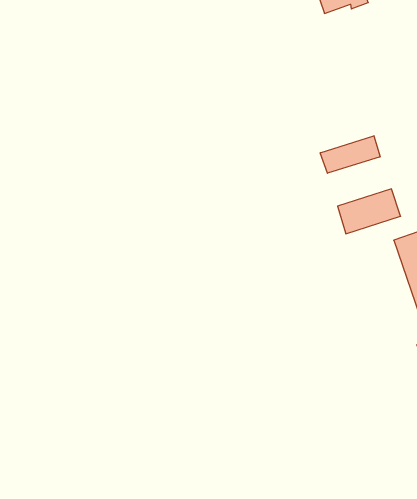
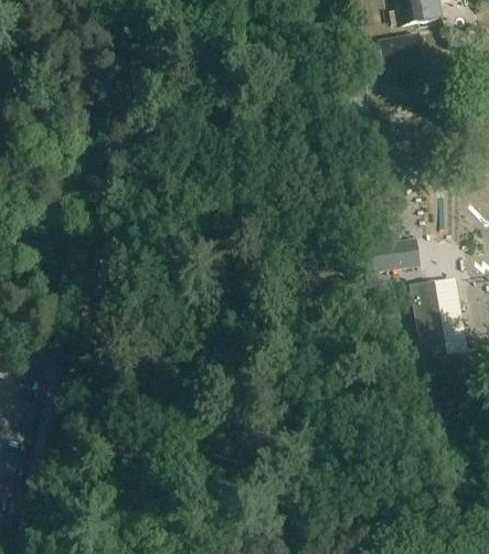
building: [320,136,380,173] -> none

